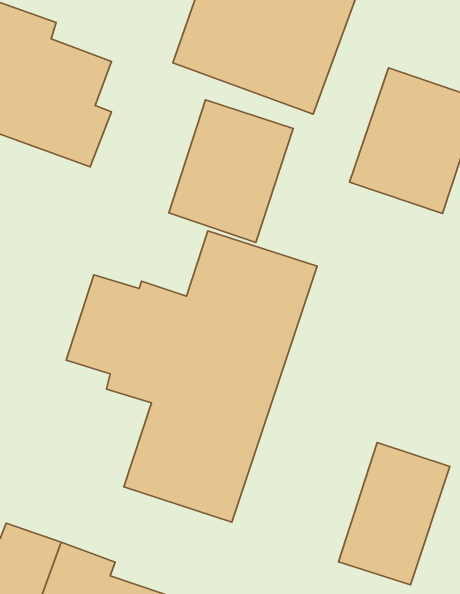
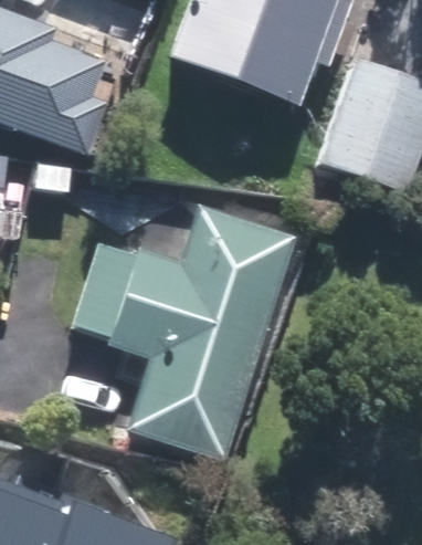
building: [169,100,293,243] -> none
building: [339,443,450,585] -> none

